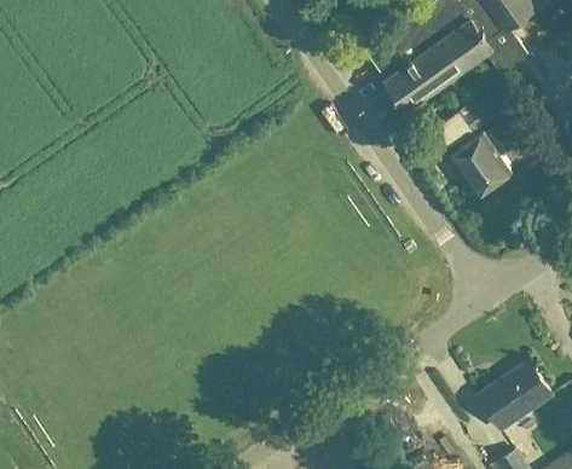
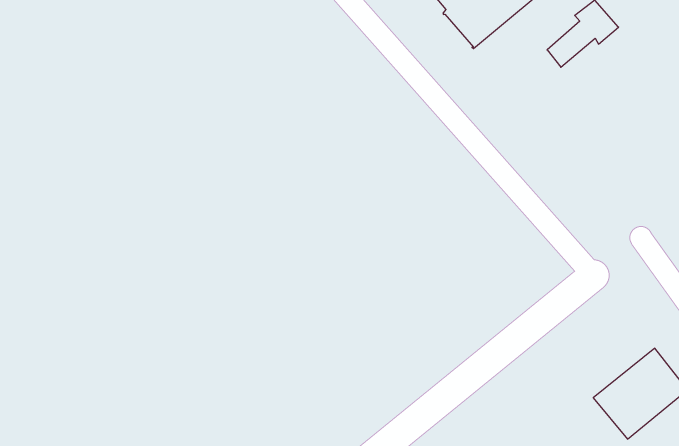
building: [450,126,513,196] -> none

